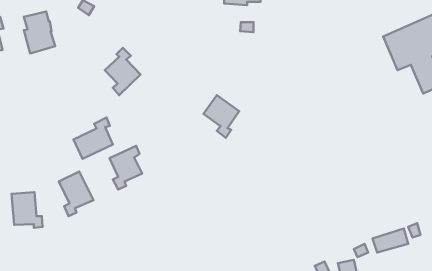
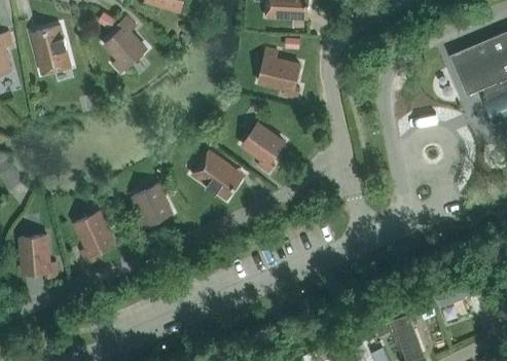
building: none -> [258,49,299,99]
building: [105,48,140,95] -> [104,19,145,73]
building: [74,118,113,159] -> none
building: none -> [191,151,241,200]

